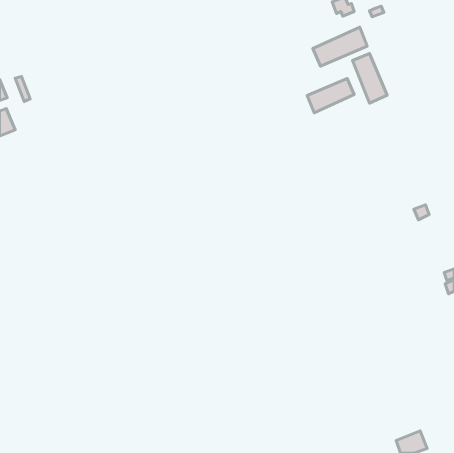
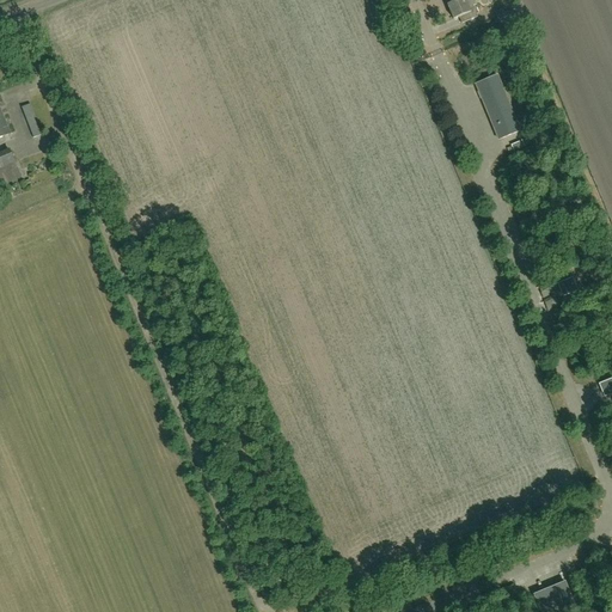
building: [313,27,367,66] -> none
building: [307,78,354,113] -> none

